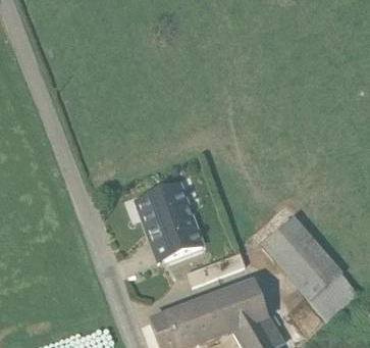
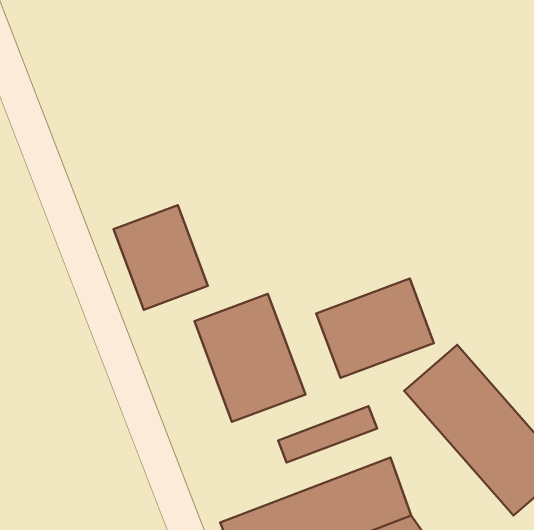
building: none -> [114,205,208,310]
building: none -> [316,278,434,378]

